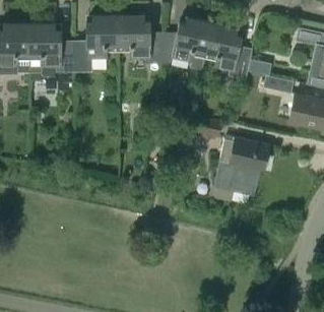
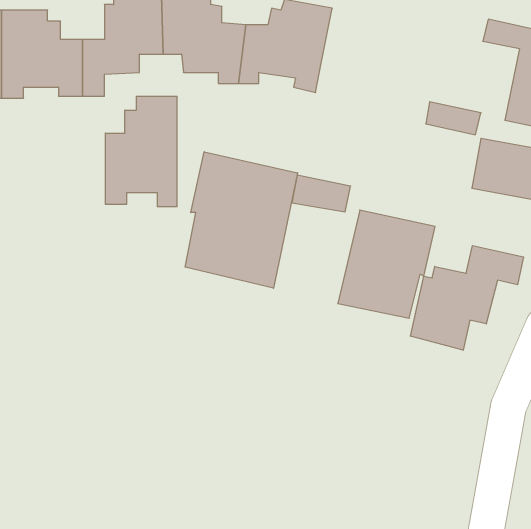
building: [206,22,252,78] -> none
building: none -> [105,96,177,207]
building: none -> [185,152,298,288]
building: none -> [411,246,524,350]

